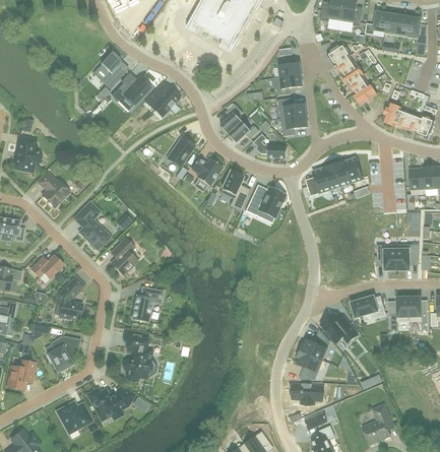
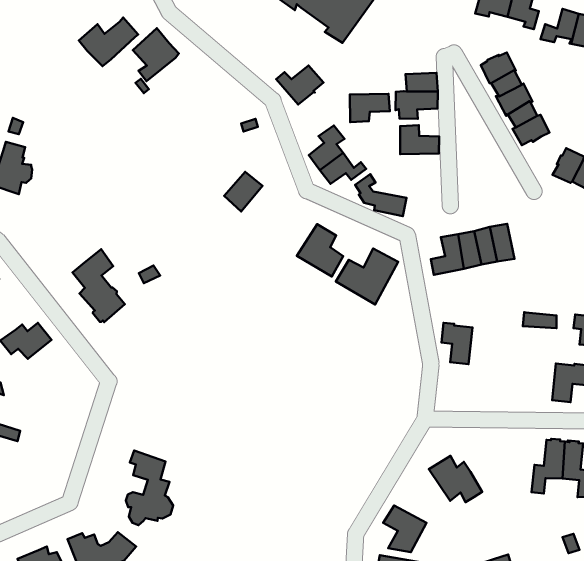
building: [111,76,149,110] -> [79,17,138,66]
building: [147,86,179,113] -> [276,65,324,105]
building: [279,115,307,136] -> [350,94,390,122]
building: [190,156,221,185] -> none
building: [38,172,68,206] -> none
building: [110,238,136,274] -> none
building: [377,244,396,269] -> [442,323,472,364]
building: [56,276,83,318] -> none
building: [131,286,162,321] -> none
building: [350,296,385,318] -> none
building: [300,330,329,359] -> none
building: [46,337,79,372] -> none

